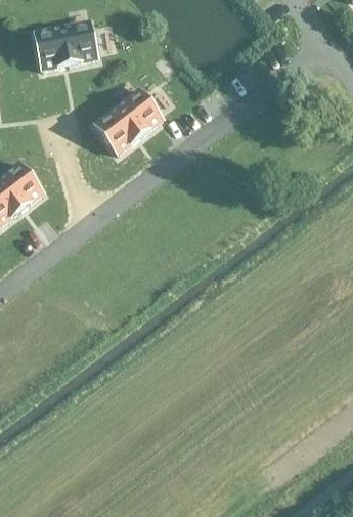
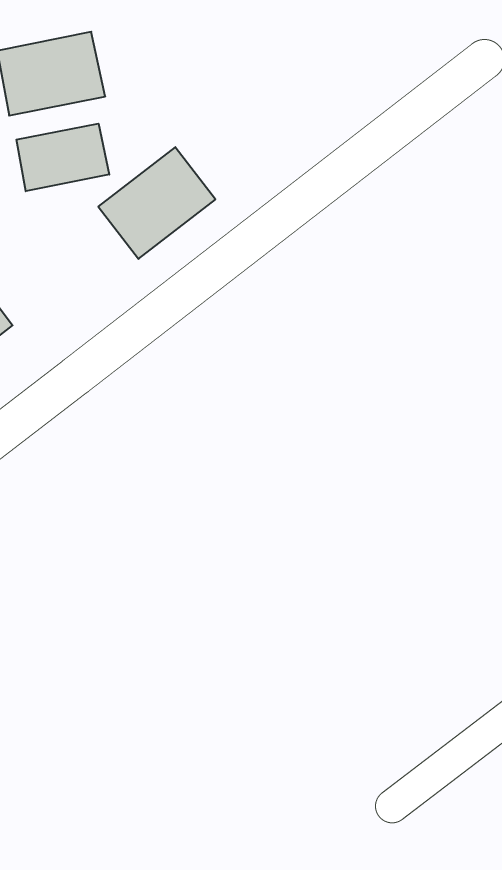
building: none -> [16,124,109,191]

